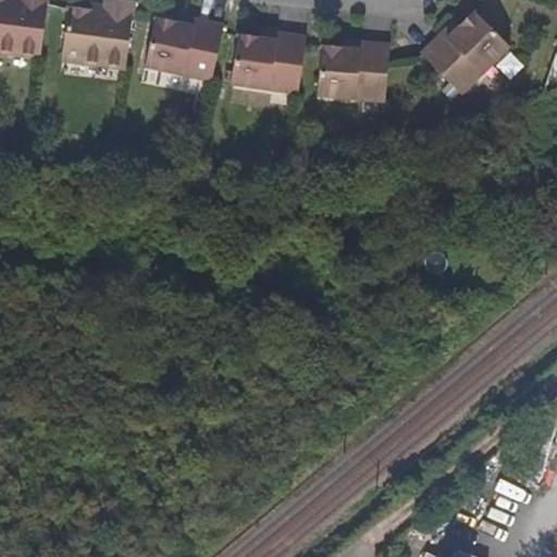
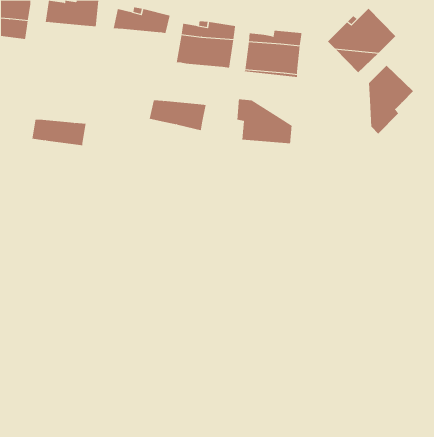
building: [60,33,129,66] -> [31,119,87,146]
building: [145,40,218,79] -> [149,100,207,131]
building: none -> [368,65,414,134]
building: none -> [237,99,292,144]

